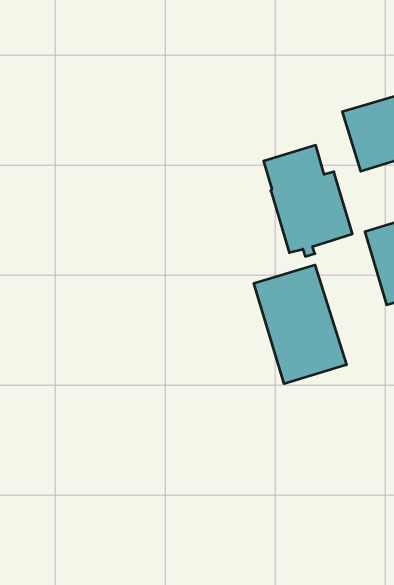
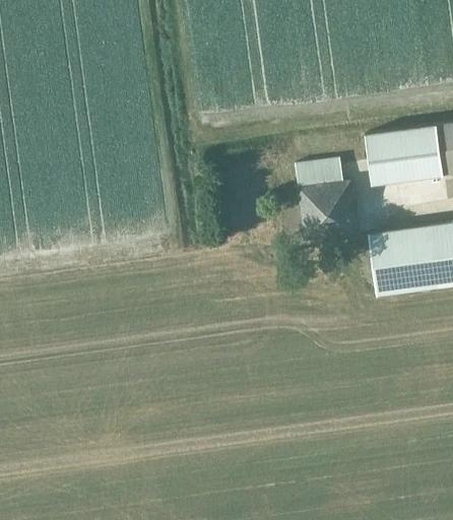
building: [254,265,346,384] -> none

